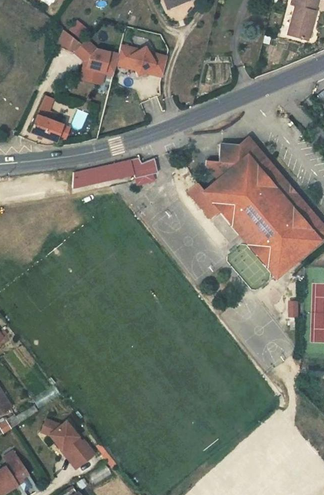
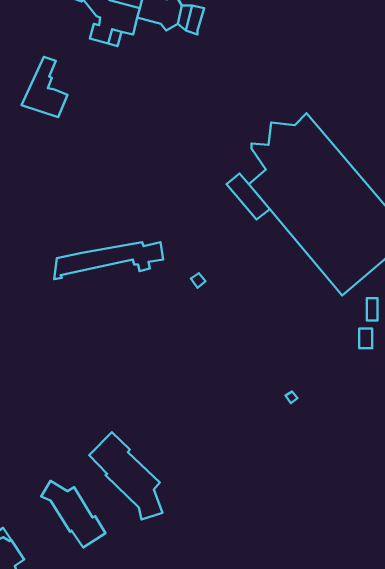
building: [71,161,154,189] -> [54,242,163,279]
building: none -> [89,432,163,520]

